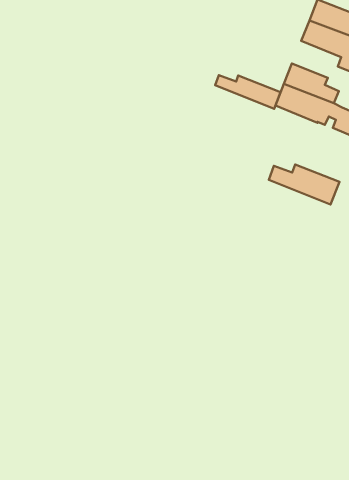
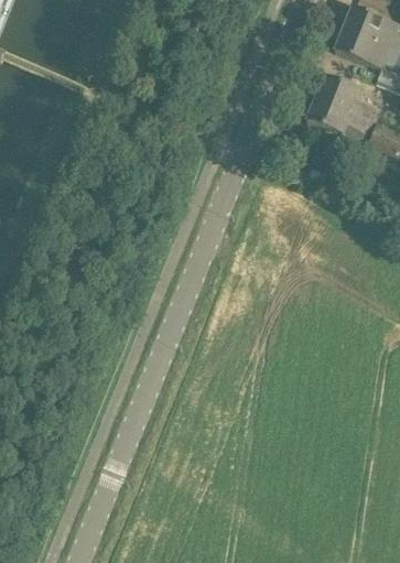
building: [215,75,281,109] -> none
building: [269,164,339,205] -> none

